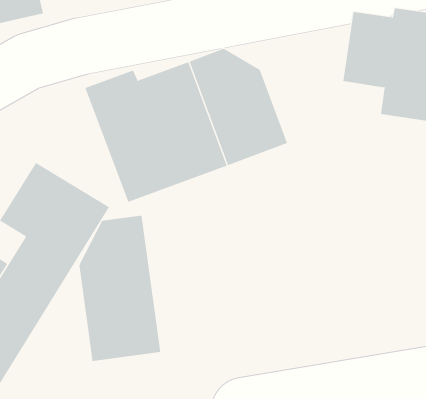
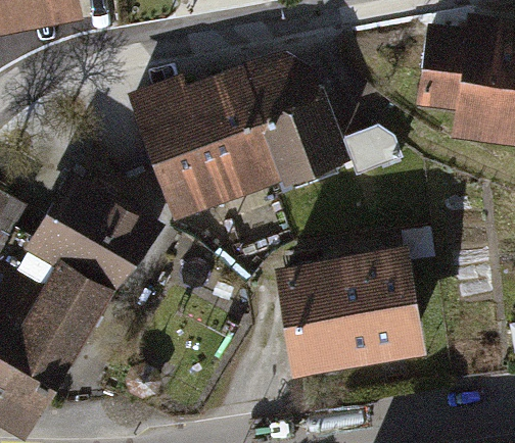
building: [79,215,161,362] -> none
building: none -> [273,245,420,366]

